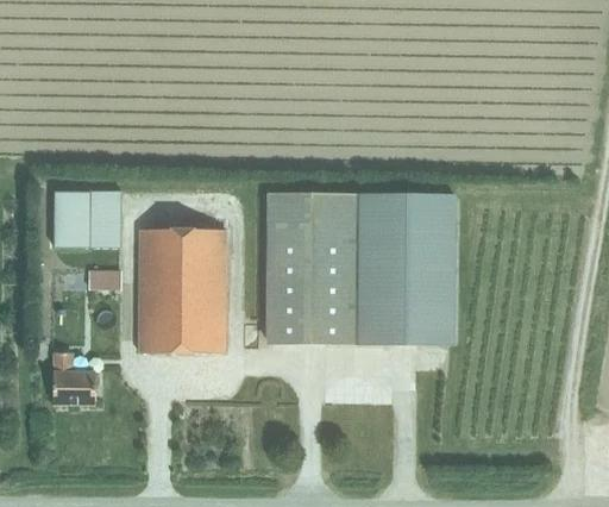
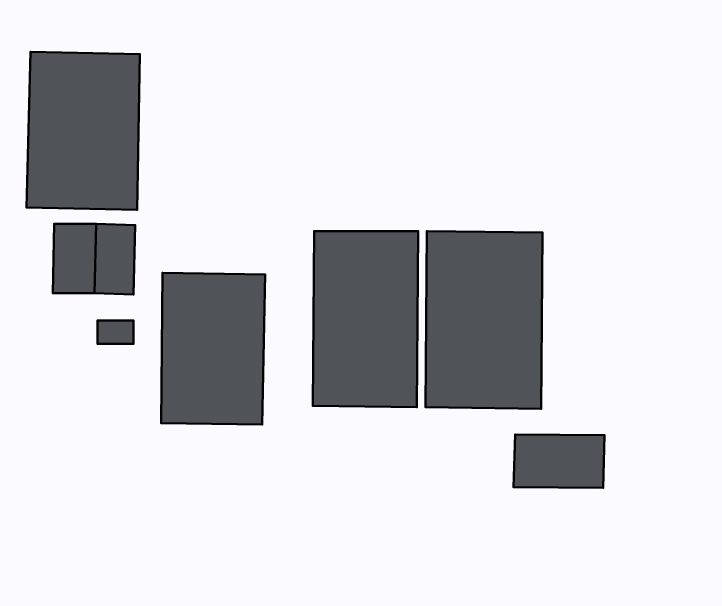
building: none -> [27,52,140,210]
building: [52,351,95,403] -> none
building: none -> [514,435,605,488]

